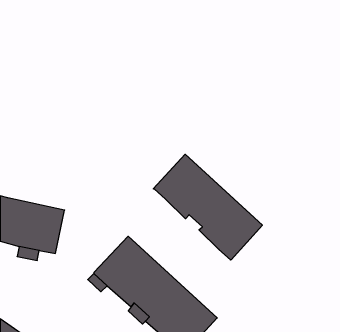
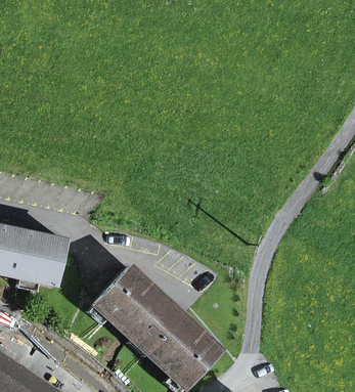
building: [153,154,262,260] -> none

